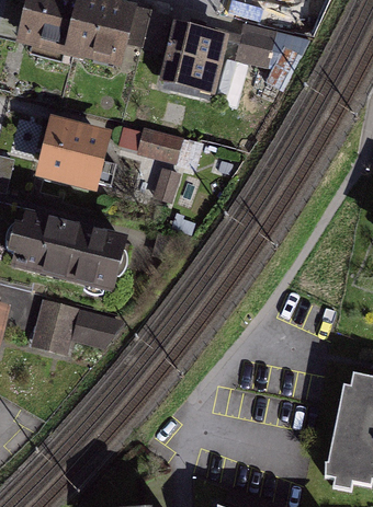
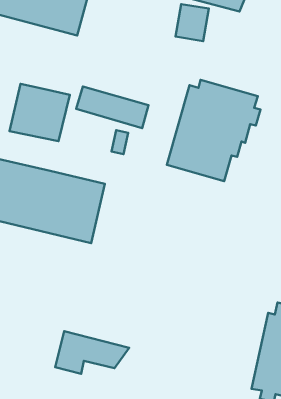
building: [161,27,223,100] -> none
building: none -> [167,80,261,181]
building: [32,300,120,350] -> [55,331,129,374]

